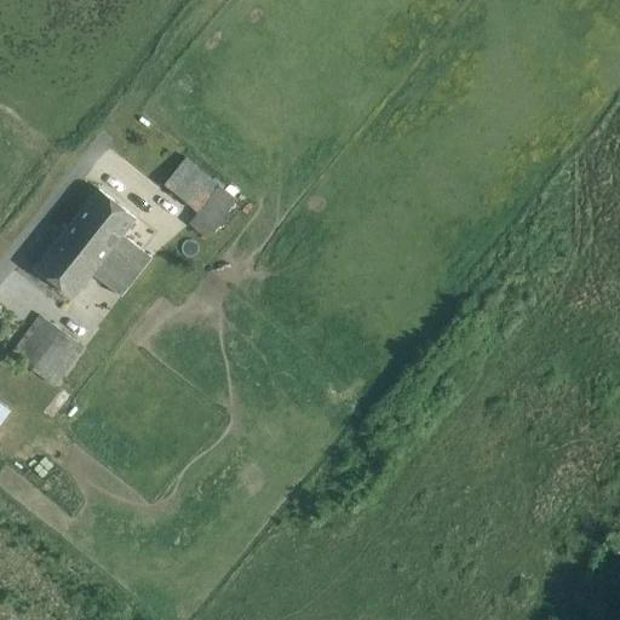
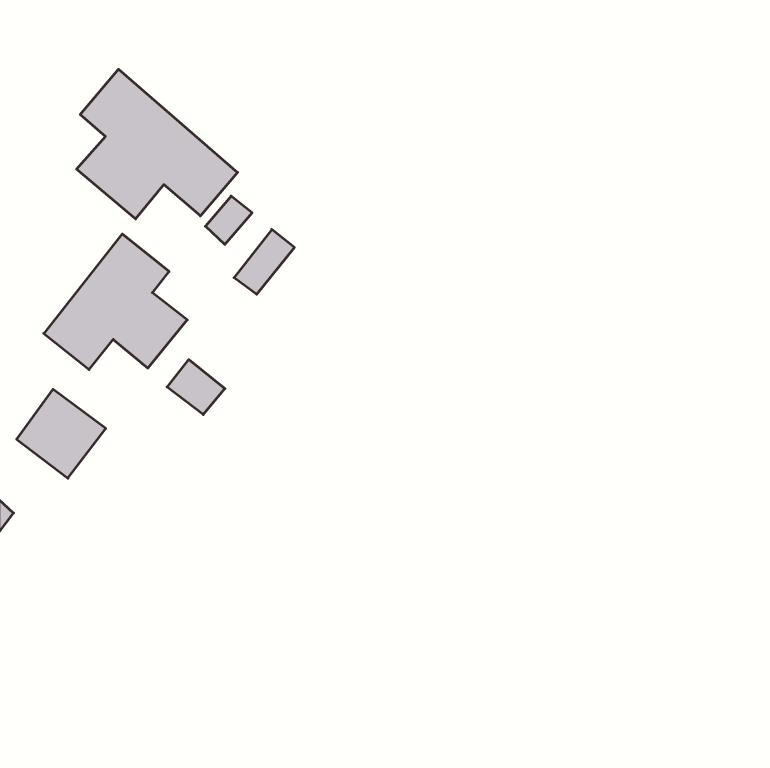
building: none -> [77,69,238,219]
building: none -> [167,360,225,415]

